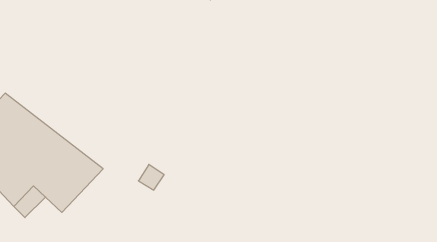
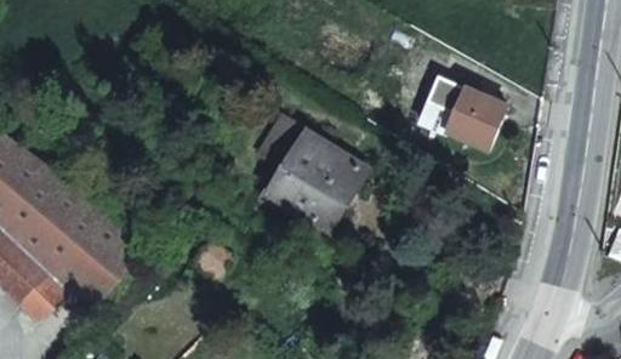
building: none -> [422,84,505,150]
building: none -> [260,114,364,226]

